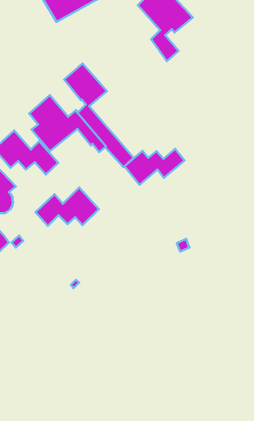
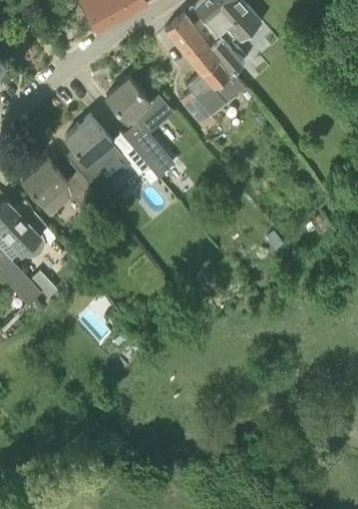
building: none -> [165,15,231,114]
building: [124,149,185,185] -> none
building: [36,188,99,226] -> none

